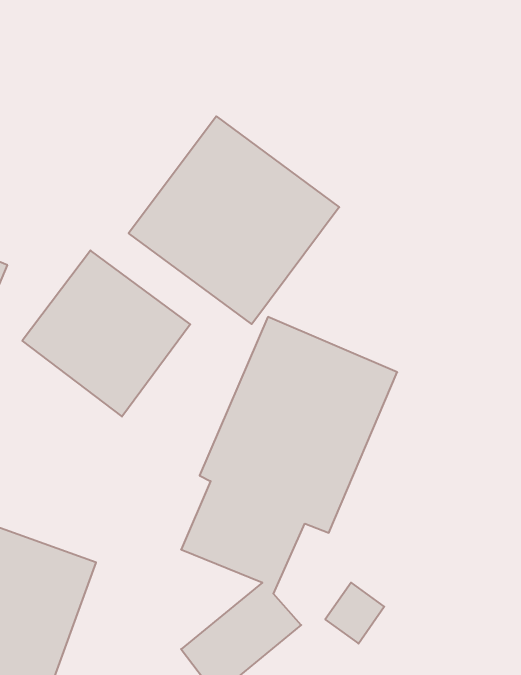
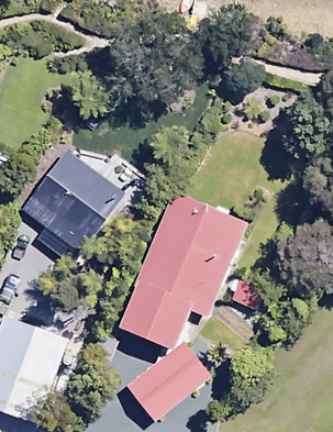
building: [129,116,339,324] -> none

